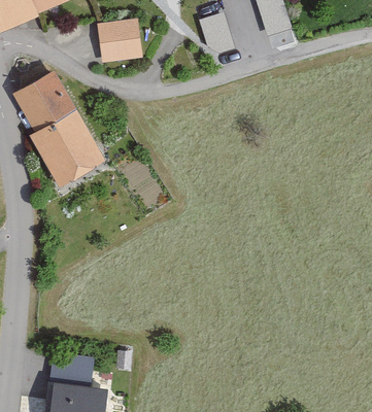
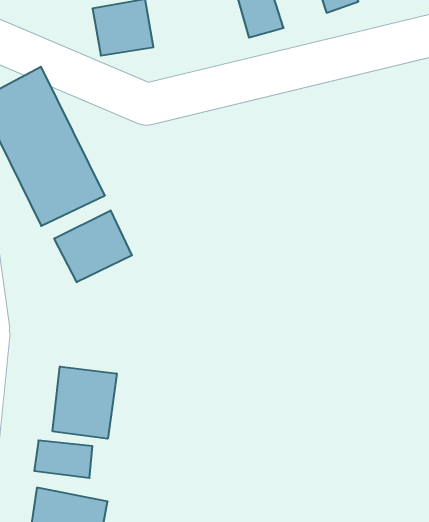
building: none -> [54,210,132,282]
building: none -> [53,366,117,439]

